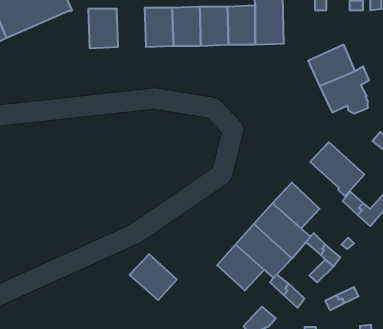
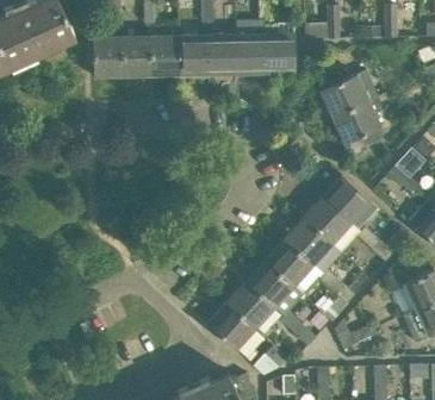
building: none -> [123,36,153,76]
building: none -> [304,195,353,244]
building: [130,254,177,300] -> [206,302,255,350]

